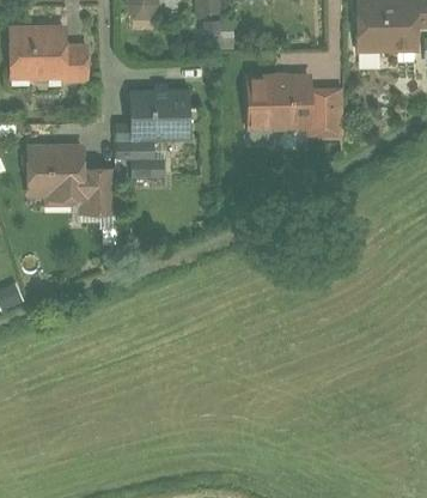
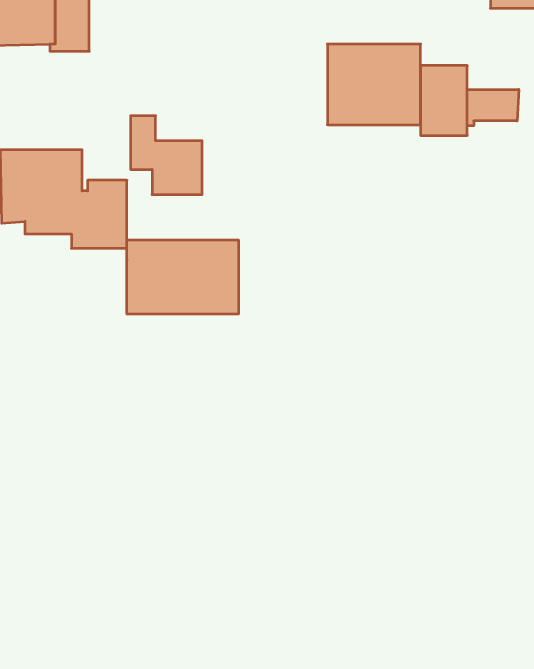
building: [130,92,187,140] -> none
building: none -> [467,89,519,126]
building: none -> [127,240,238,314]

